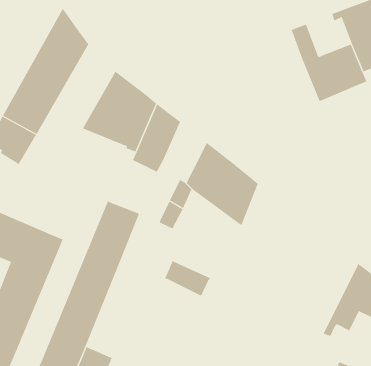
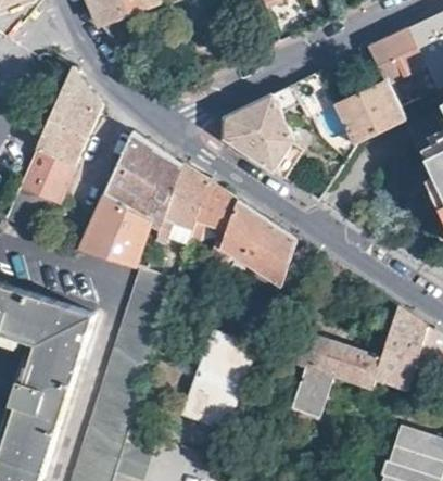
building: none -> [224,71,331,179]
building: none -> [193,179,237,231]
building: none -> [76,195,151,268]
building: none -> [300,305,410,413]

